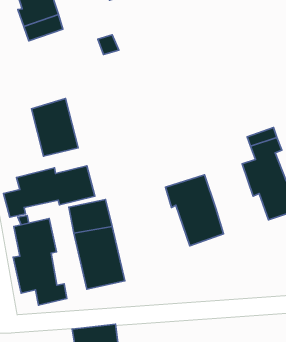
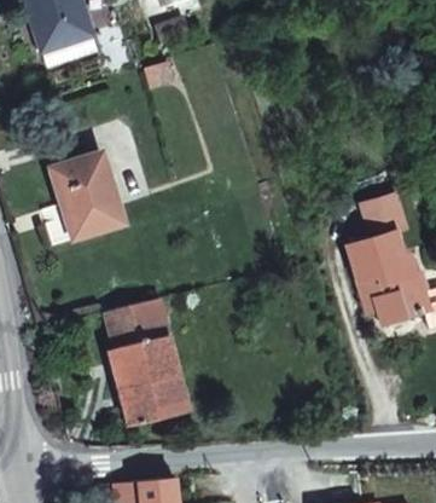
building: [3,166,95,217] -> none
building: [165,175,223,246] -> none
building: [13,219,67,305] -> none

